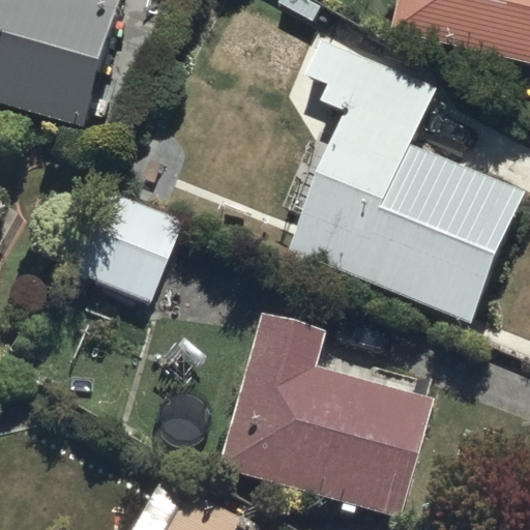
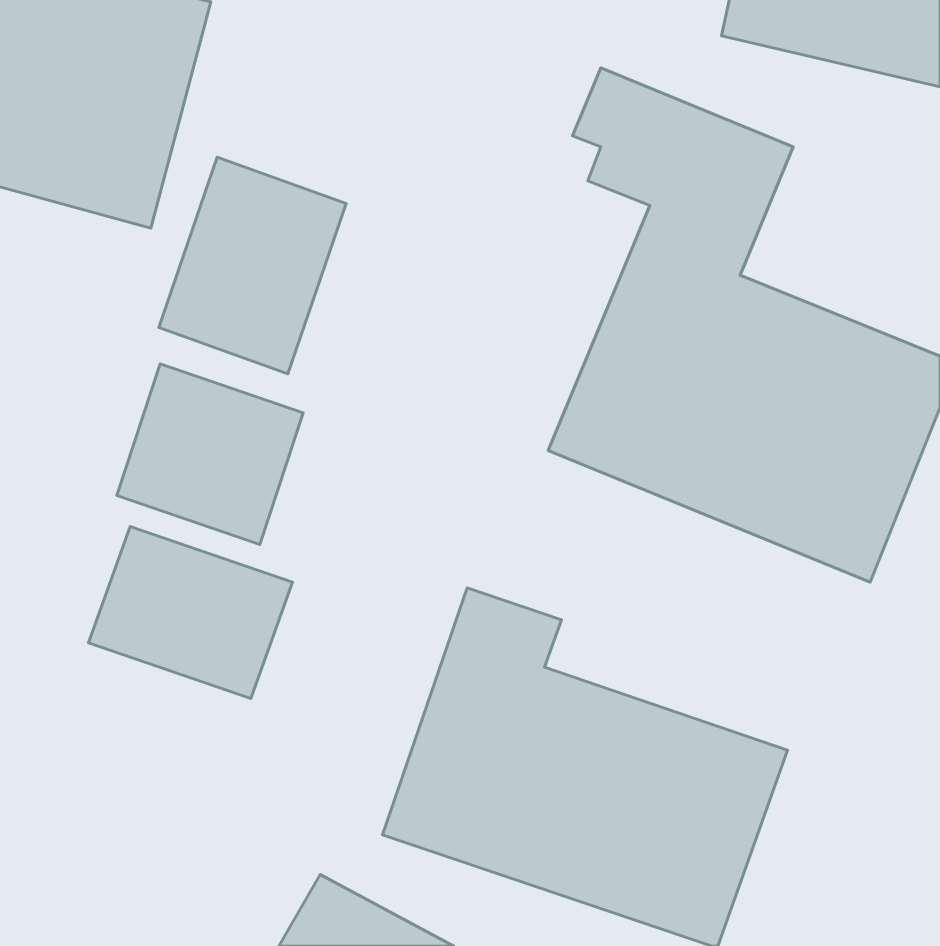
building: none -> [159,157,346,374]
building: none -> [88,527,293,699]

